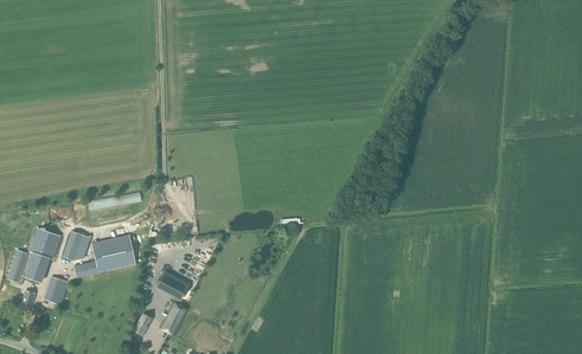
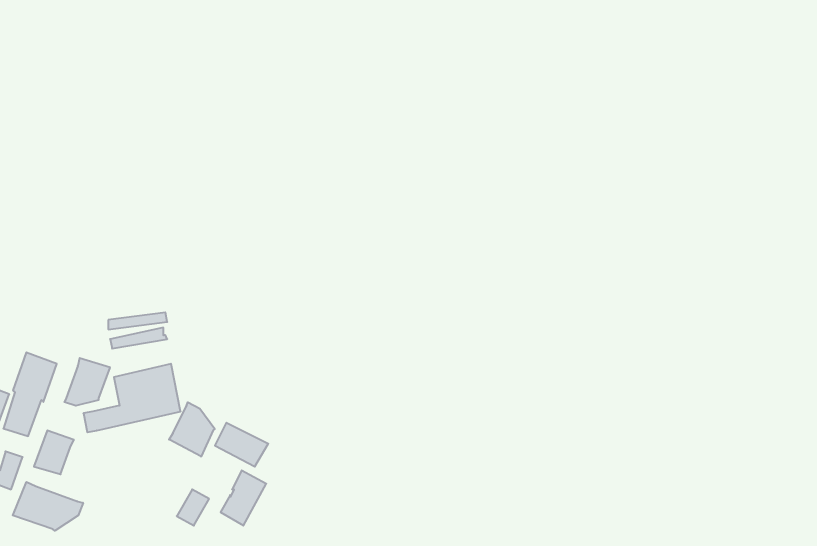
building: none -> [169,402,215,457]
building: none -> [13,482,83,531]

